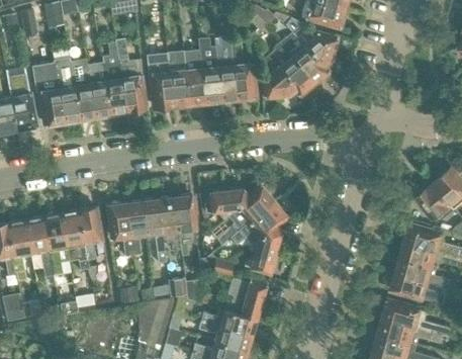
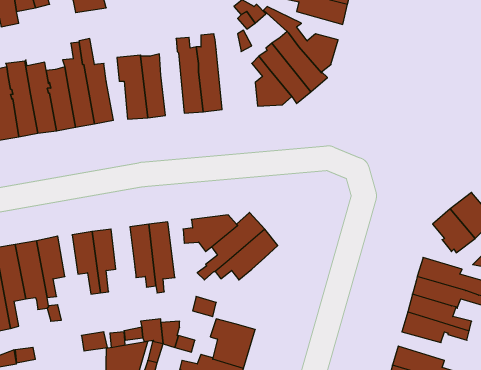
building: [232,38,255,99] -> none
building: [185,50,205,104] -> none
building: [143,199,168,275] -> none
building: [245,226,281,274] -> none

